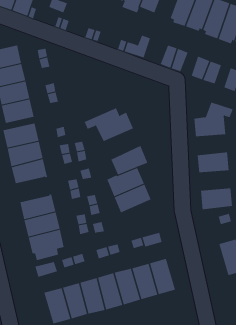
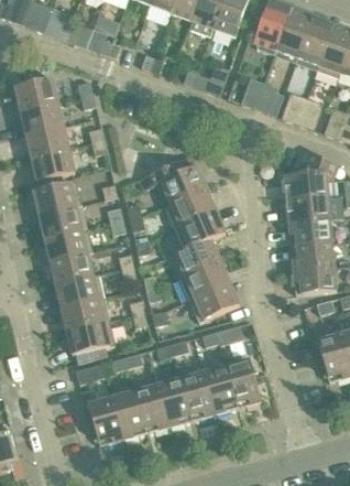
building: none -> [165,187,215,228]
building: none -> [286,195,329,223]
building: none -> [291,242,333,269]
building: none -> [50,251,94,284]
building: none -> [188,281,239,322]

